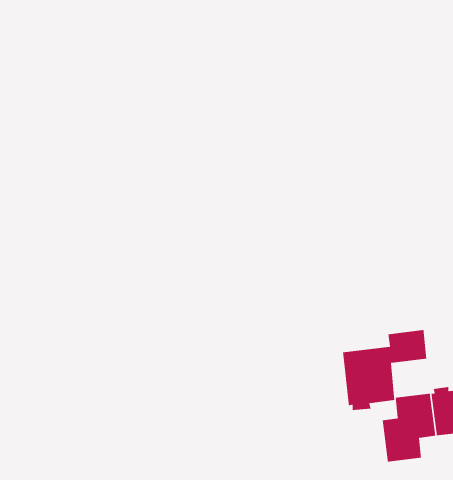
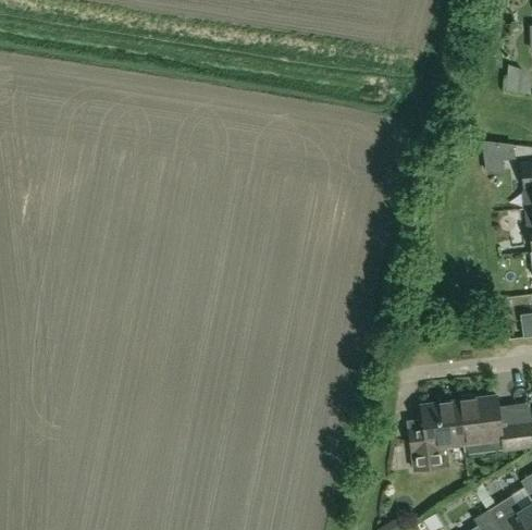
building: [342,329,427,411] -> none

